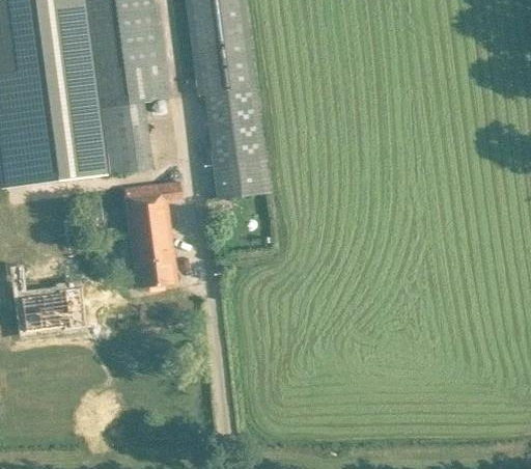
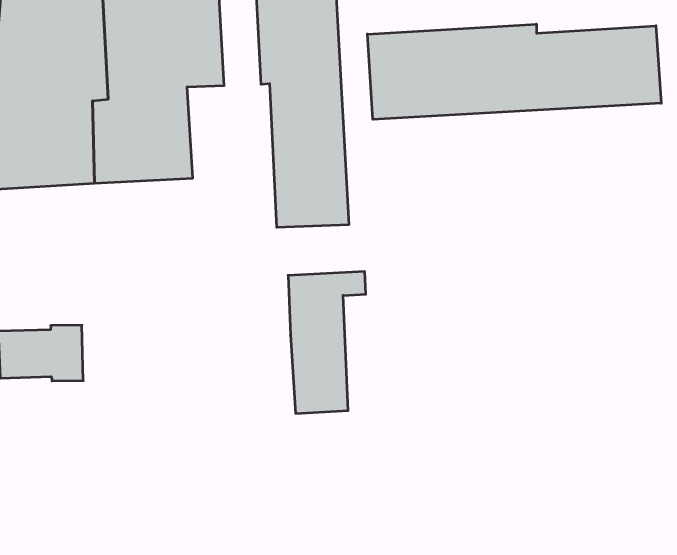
building: none -> [367,24,661,119]
building: [127,181,185,288] -> [288,272,366,413]

